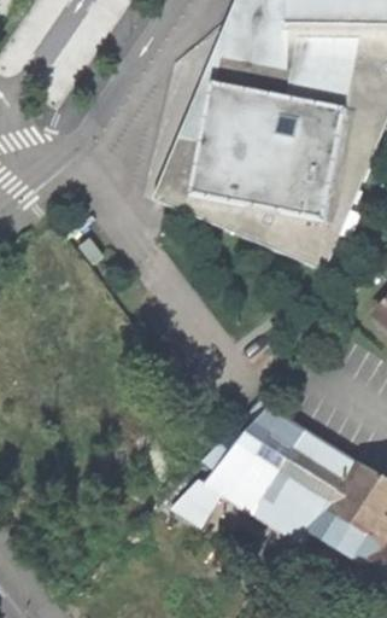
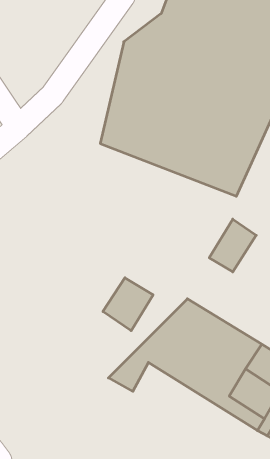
building: none -> [209,219,256,272]
building: none -> [103,278,153,331]

